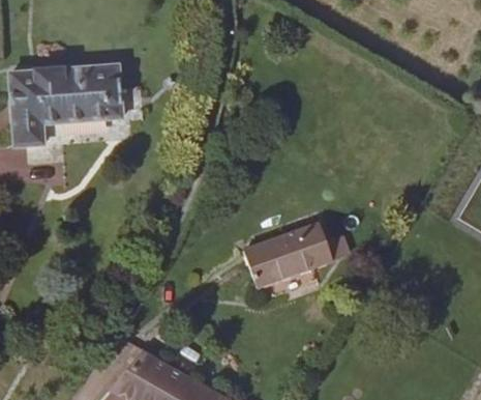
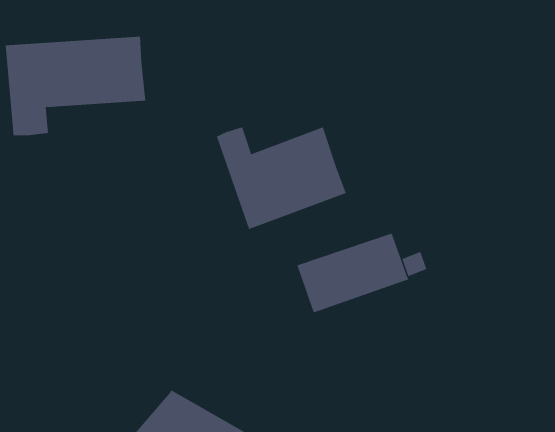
building: none -> [216,127,346,230]

